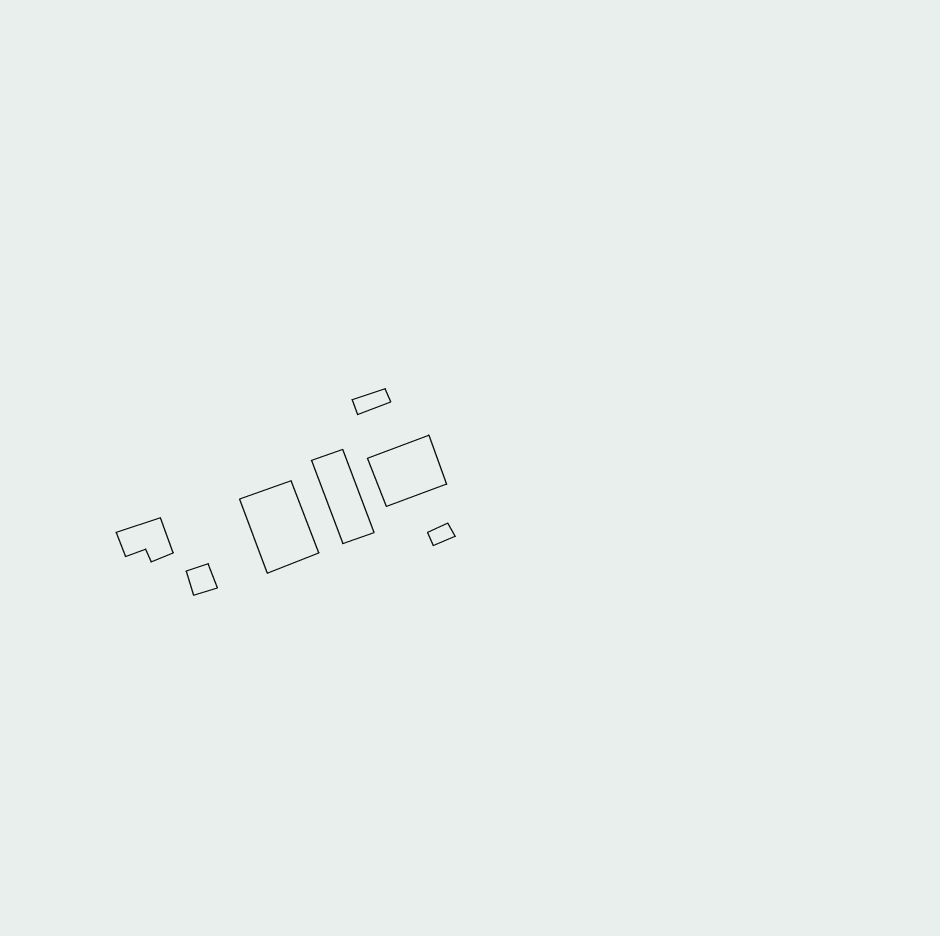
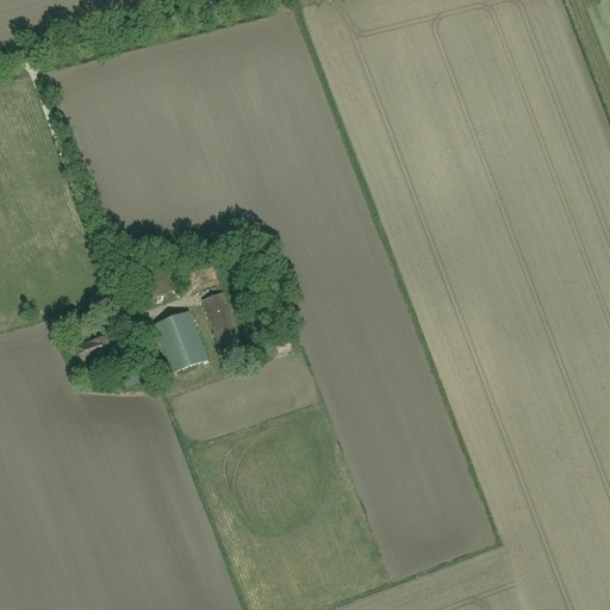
building: [367,435,447,506] -> none

